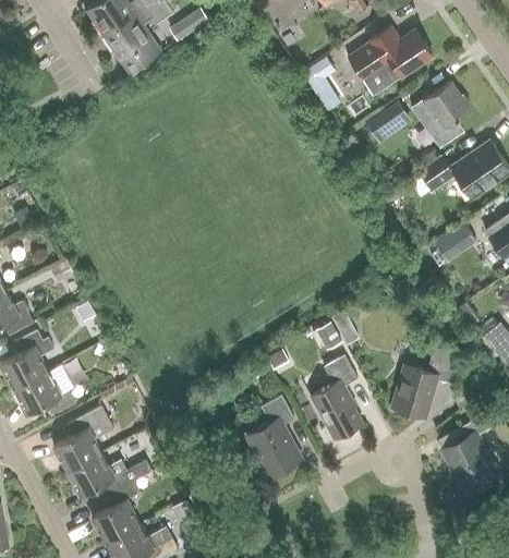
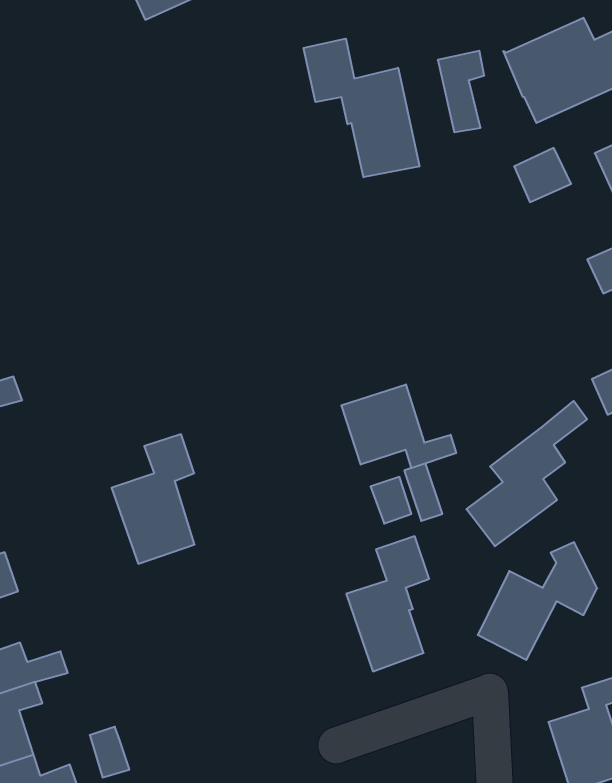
building: none -> [304,39,420,177]
building: none -> [466,401,587,546]
building: none -> [341,384,456,468]
building: [245,396,301,477] -> [111,434,195,564]

